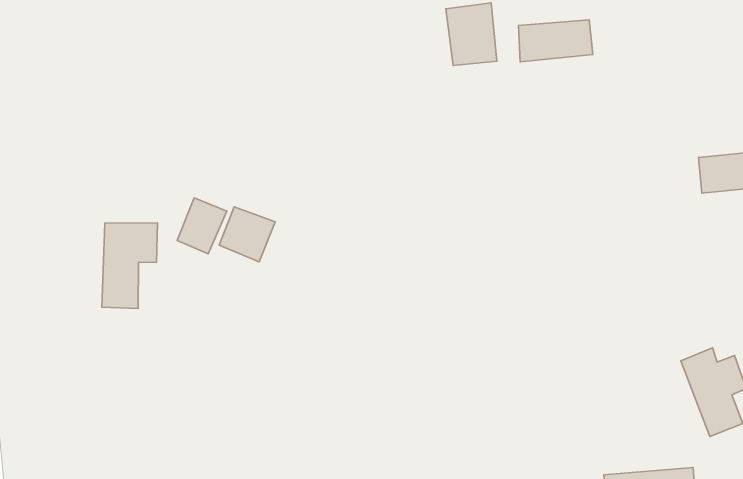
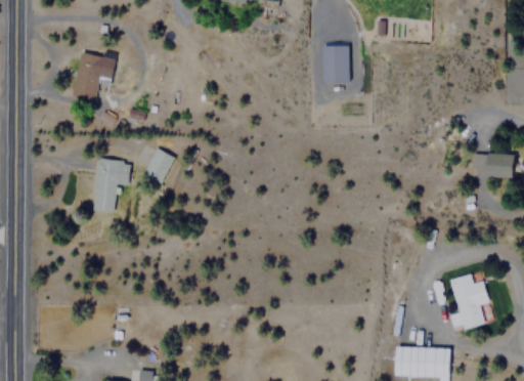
building: [519,20,593,62] -> none
building: none -> [73,51,116,100]
building: [219,207,275,262] -> none

